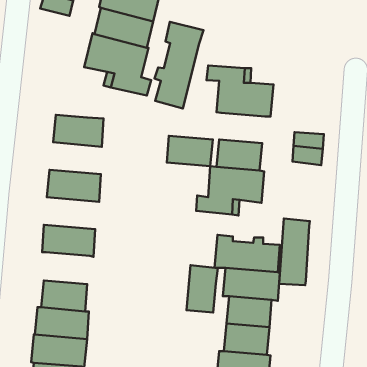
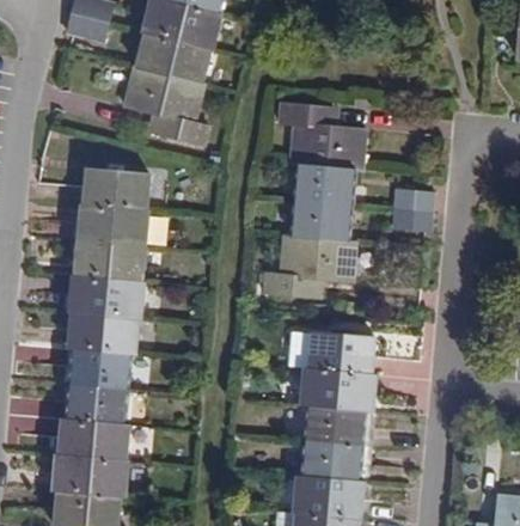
building: [154,22,203,108] -> none
building: [167,136,213,166] -> [298,165,357,204]
building: none -> [77,203,146,245]
building: none -> [67,275,142,317]
building: [279,219,310,285] -> none
building: none -> [69,347,129,389]
building: [187,265,218,312] -> none

